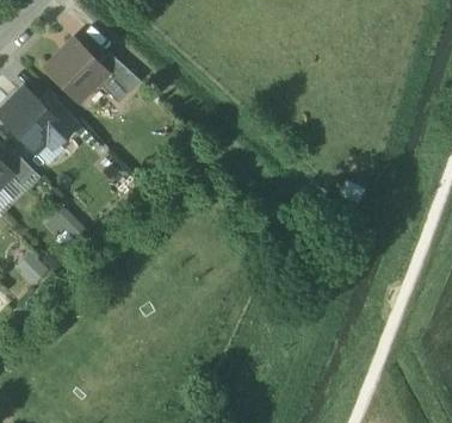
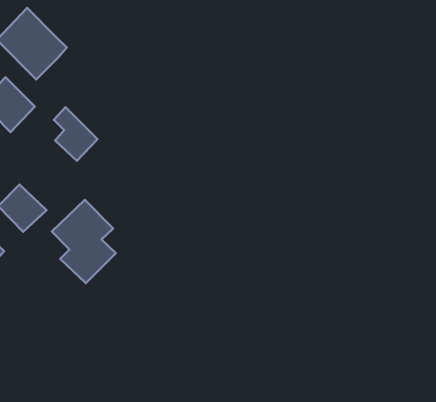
building: [98,52,138,102] -> [54,107,97,161]
building: none -> [52,200,116,283]

